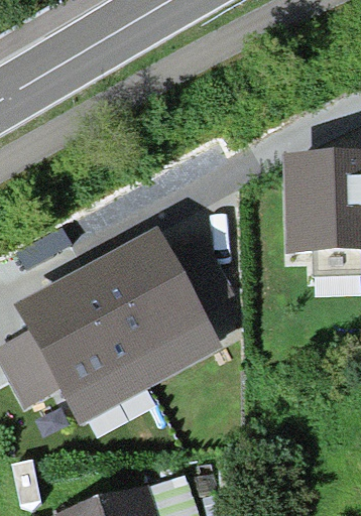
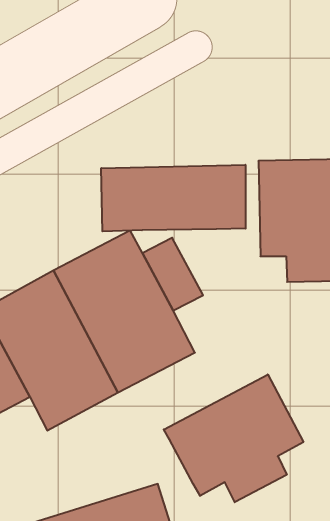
building: none -> [101,165,246,231]
building: none -> [164,374,303,502]

